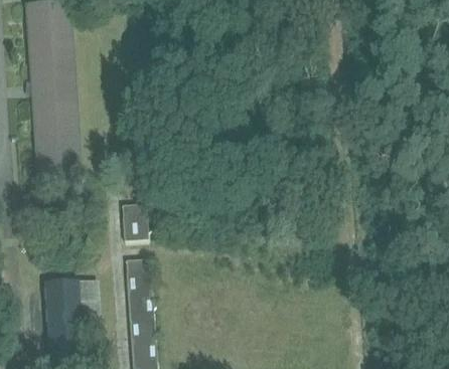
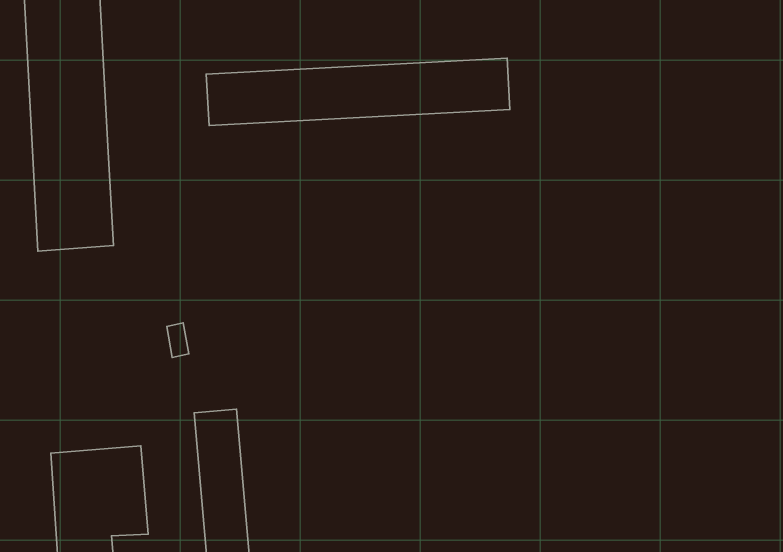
building: none -> [206,58,510,126]
building: [121,205,146,239] -> none

